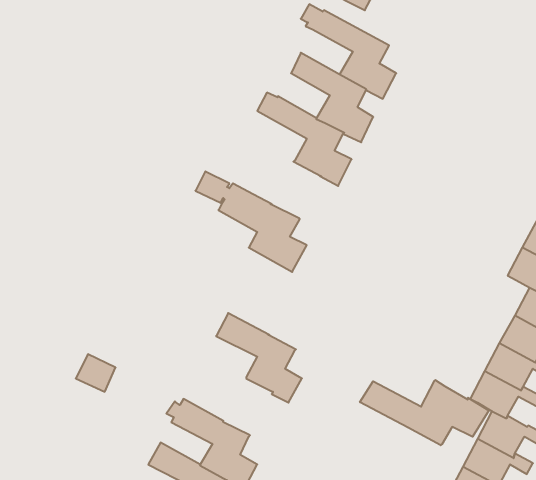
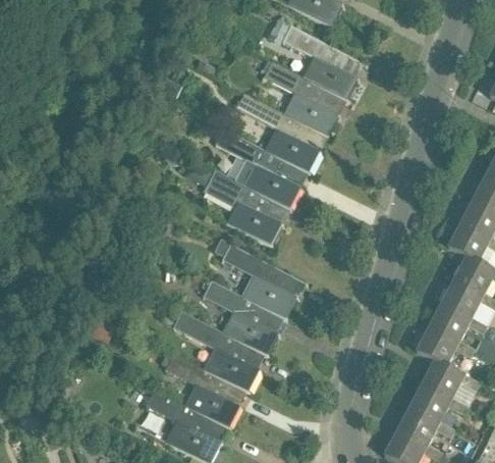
building: none -> [225,133,306,207]
building: none -> [214,239,294,317]
building: none -> [164,310,256,391]
building: [360,380,489,445] -> none

